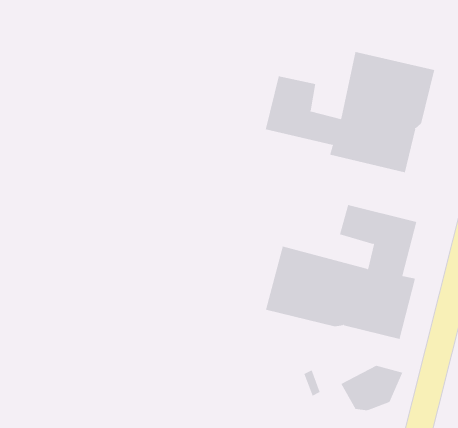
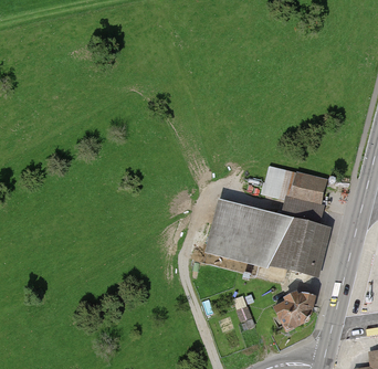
building: [265,51,435,173] -> none

